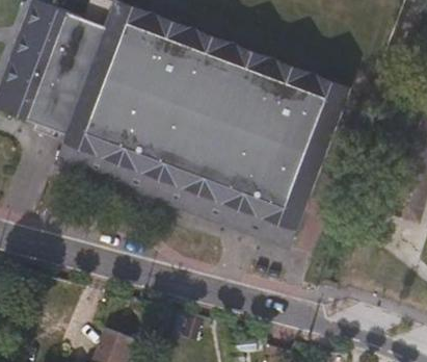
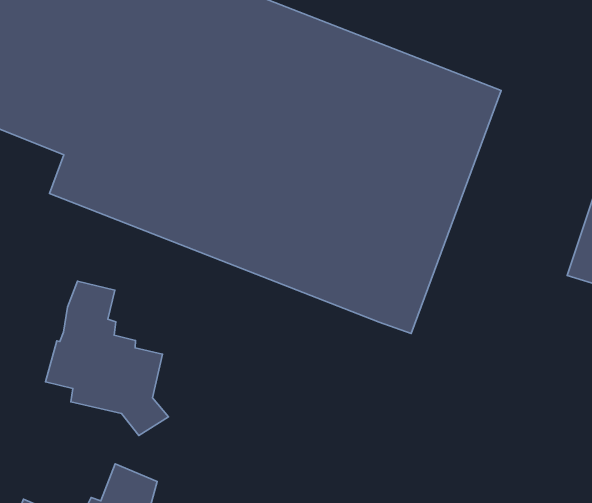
building: none -> [45,281,168,435]

